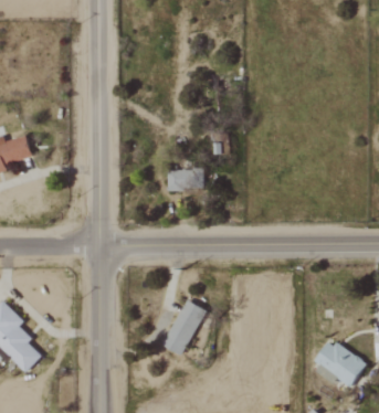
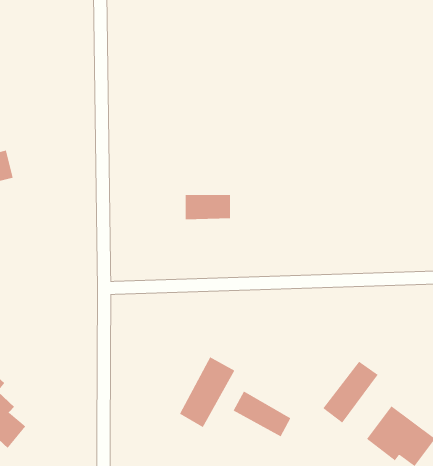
building: none -> [323,361,379,423]
building: none -> [233,391,291,437]

